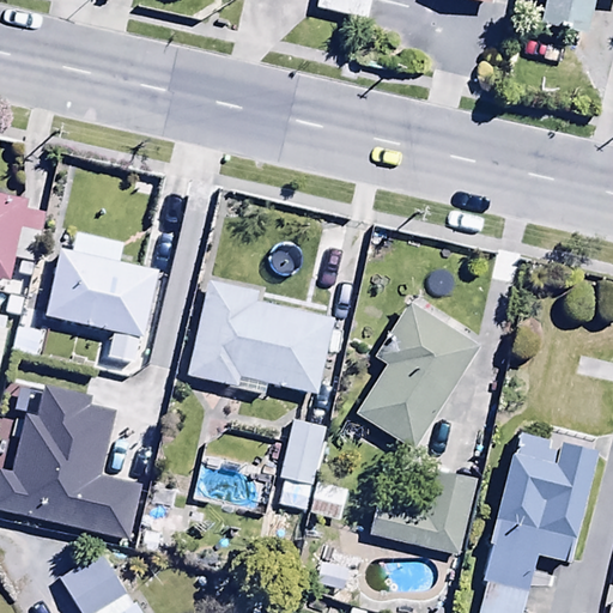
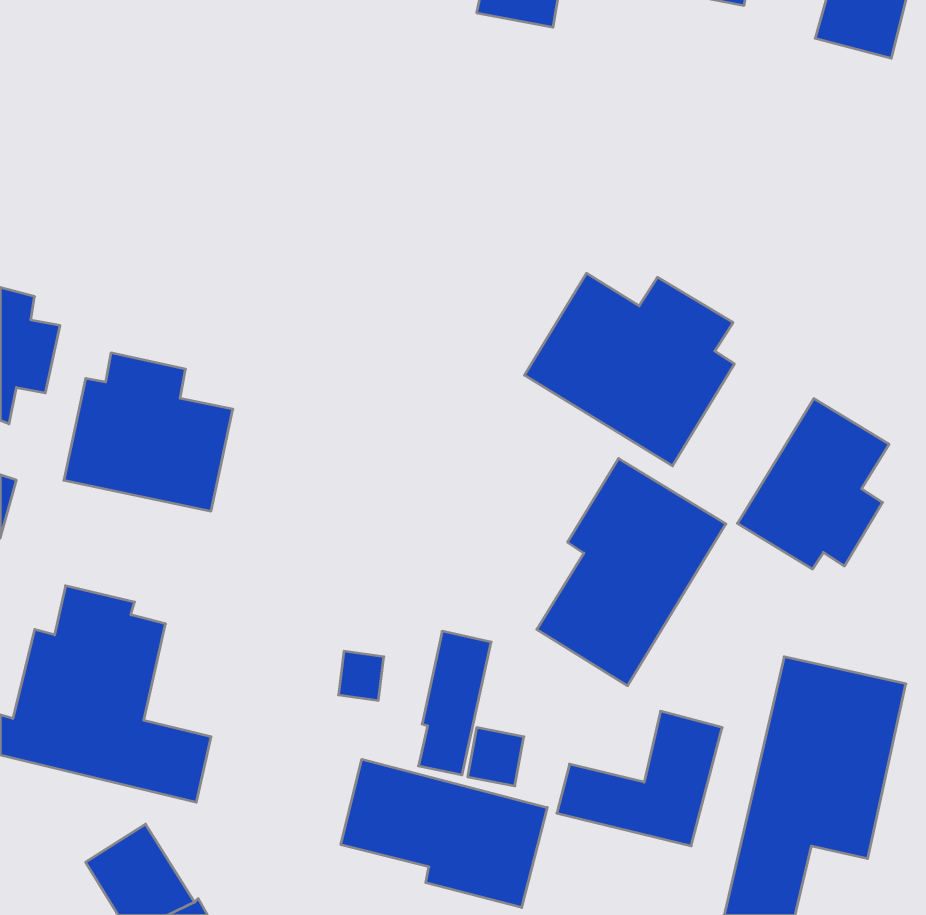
building: none -> [524,273,734,466]
building: none -> [737,399,889,569]
building: [187,277,334,395] -> none
building: none -> [341,759,547,908]

